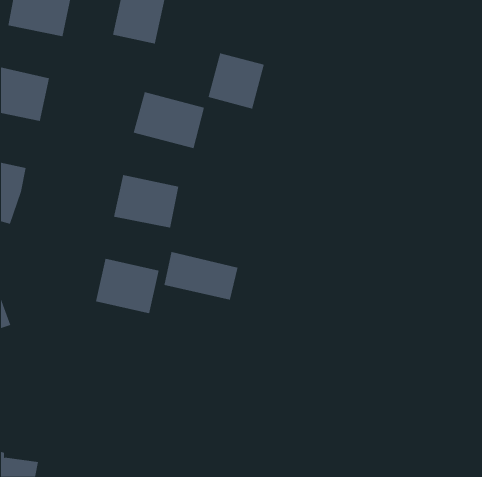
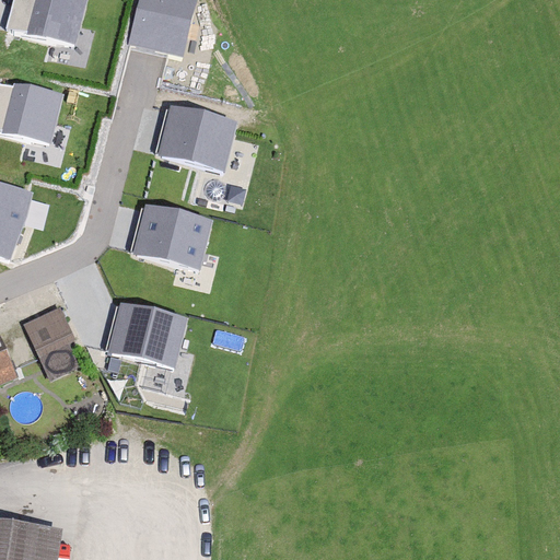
building: [208,52,264,110] -> none
building: [164,251,238,301] -> none
building: none -> [28,308,78,373]

